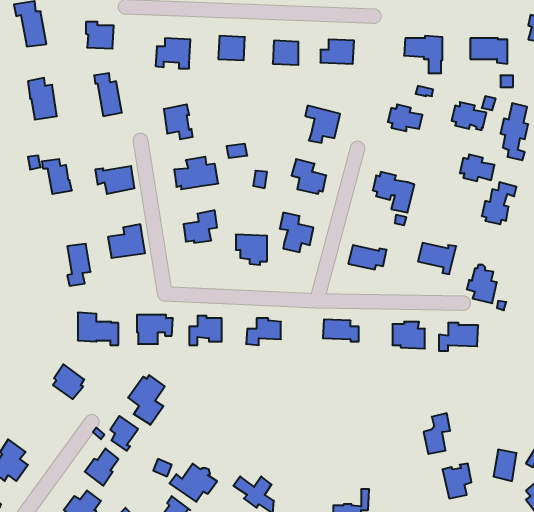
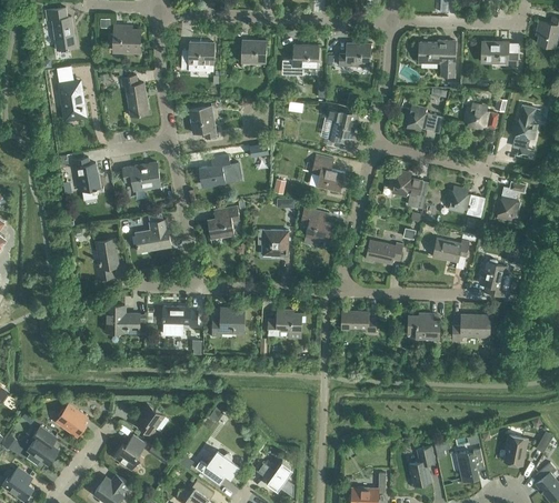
building: [460,154,495,181] -> [445,187,478,212]
building: [53,364,84,399] -> [57,403,87,436]
building: [128,375,165,425] -> none
building: [424,413,450,454] -> [408,446,433,485]

